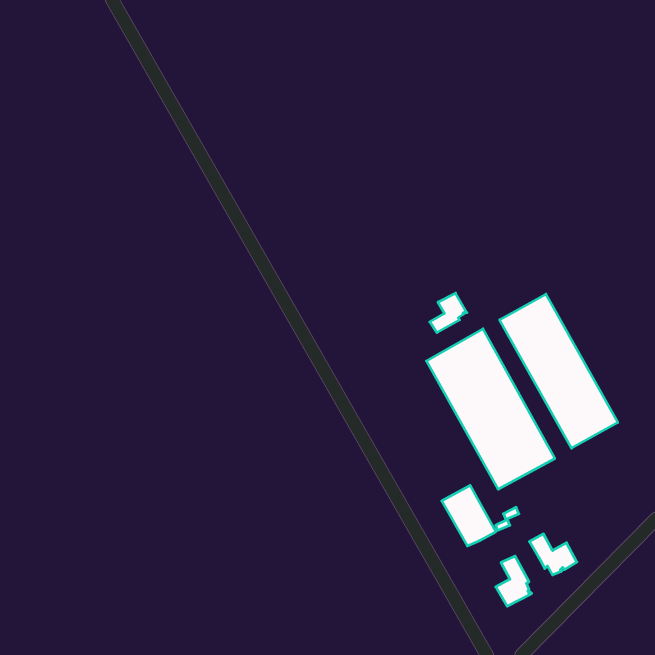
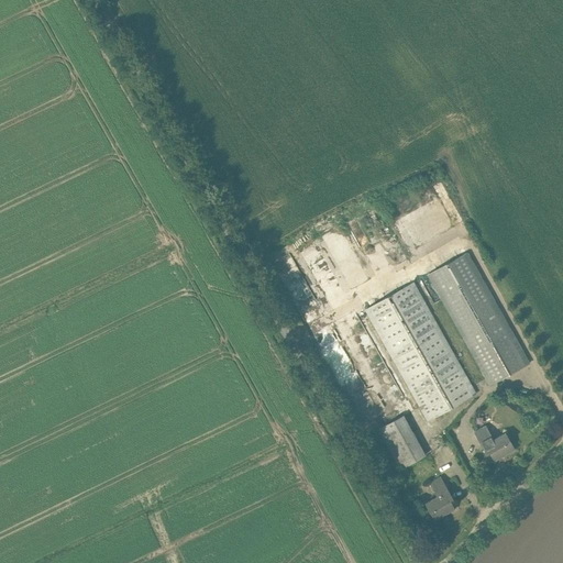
building: [430,293,467,333] -> none
building: [529,534,577,575] -> [475,424,516,460]

